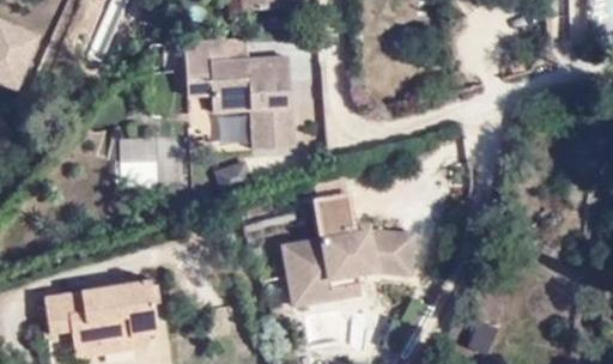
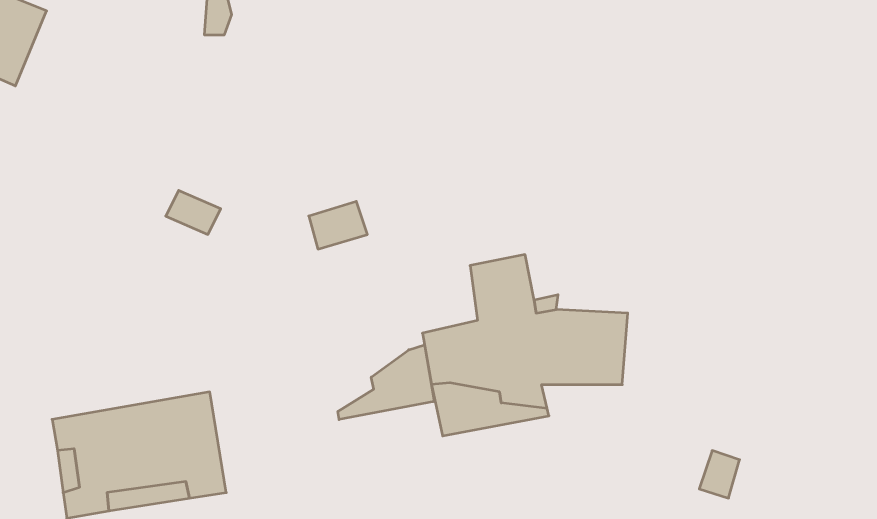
building: [177,41,287,151] -> none
building: none -> [338,345,434,420]

